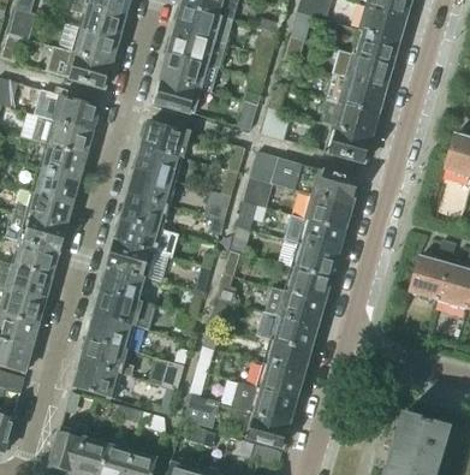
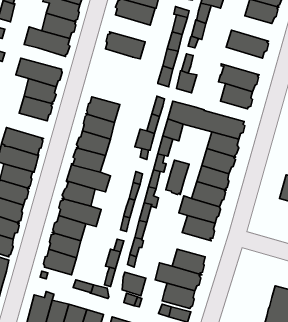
building: [167,29,225,67] -> none
building: [353,30,398,66] -> none
building: [326,75,385,114] -> none
building: [154,77,201,113] -> none
building: [142,120,189,156] -> none
building: [31,168,78,204] -> none
building: none -> [166,160,189,194]
building: [263,338,313,373] -> none

